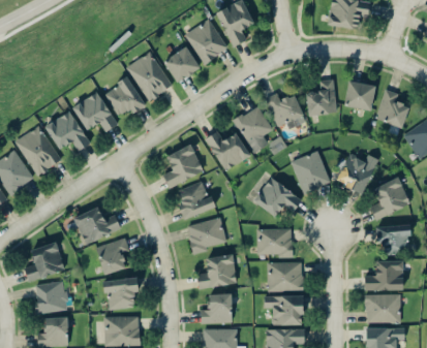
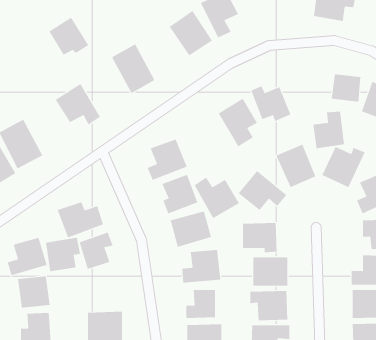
building: [163,46,201,83] -> none
building: [105,77,146,116] -> [49,17,89,56]
building: [306,80,338,117] -> [313,111,345,149]
building: [45,110,90,151] -> none
building: [206,130,251,171] -> [194,177,240,219]
building: [104,277,140,311] -> [45,237,81,272]

